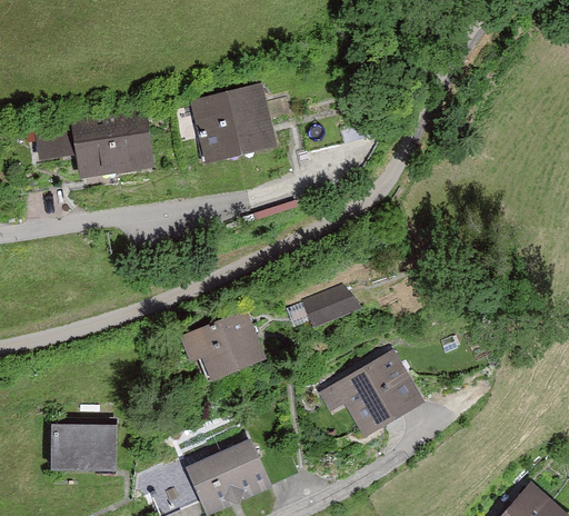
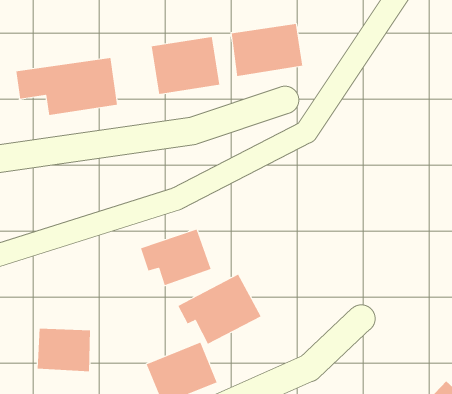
building: none -> [231,23,303,77]
building: [306,285,355,325] -> none
building: [326,350,422,431] -> [178,274,262,345]

